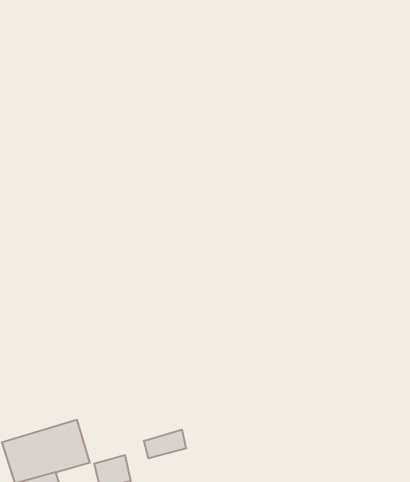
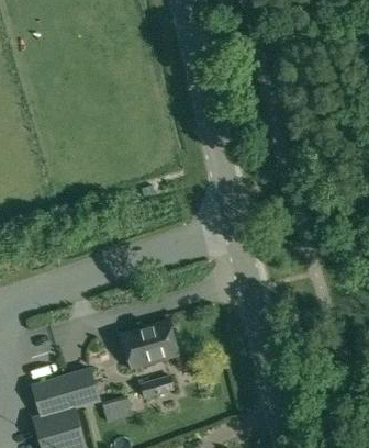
building: none -> [120,321,178,369]

